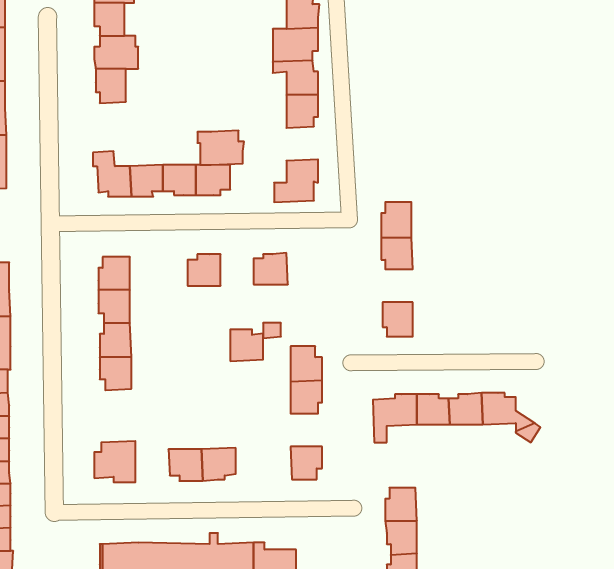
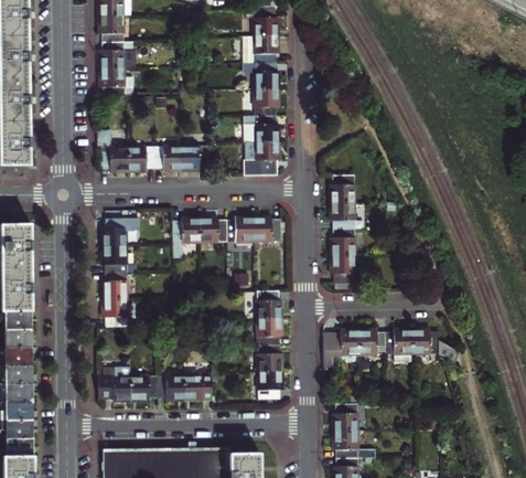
building: [197,131,244,165] -> [243,115,280,142]
building: none -> [254,216,281,242]
building: none -> [331,230,355,256]
building: [230,329,263,361] -> [201,217,227,243]
building: none -> [257,346,282,372]
building: none -> [132,374,160,401]

